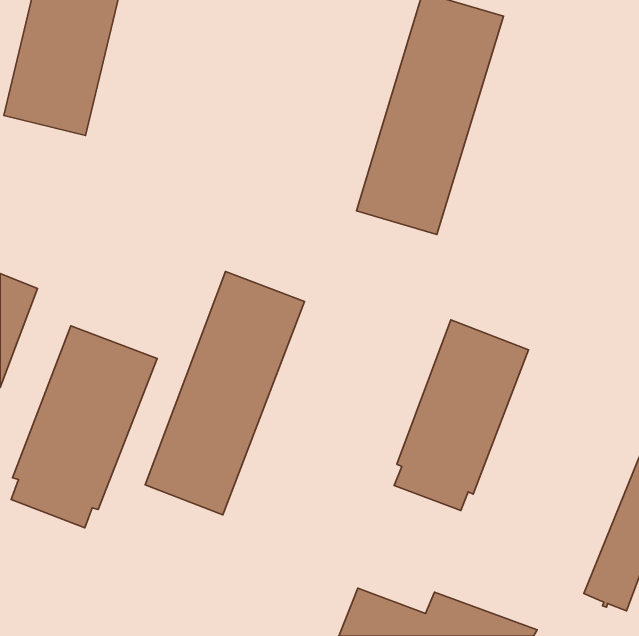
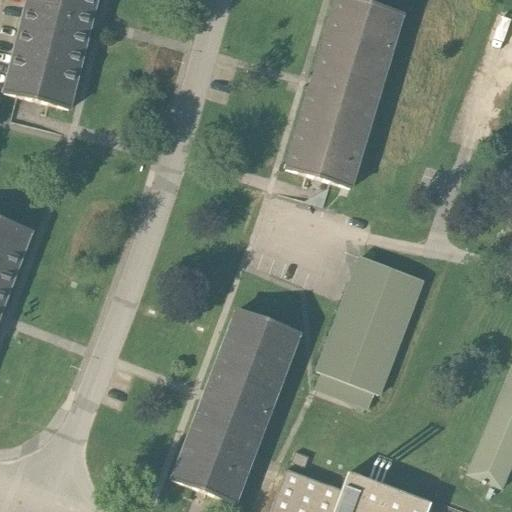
building: [145,271,305,515] -> [173,309,300,503]
building: [11,326,157,528] -> none

